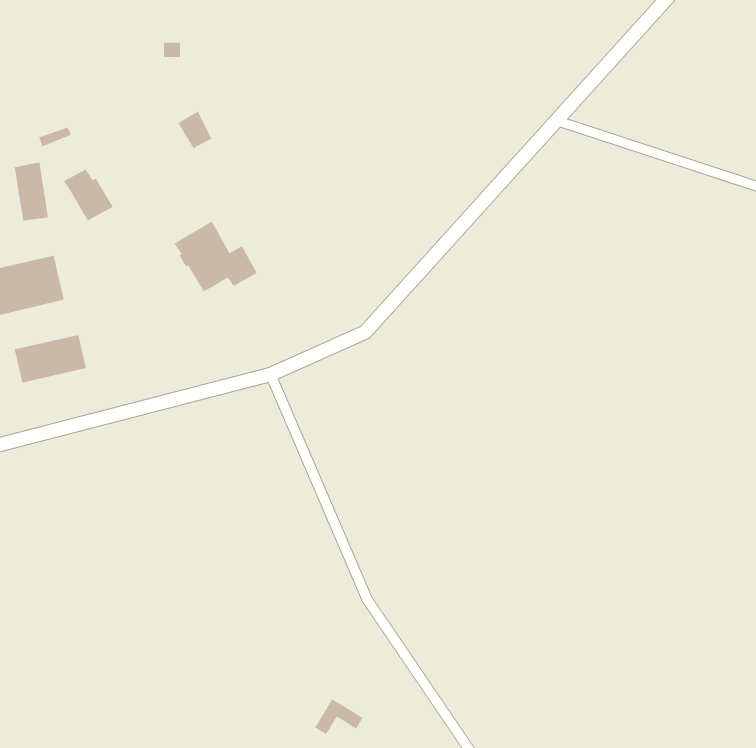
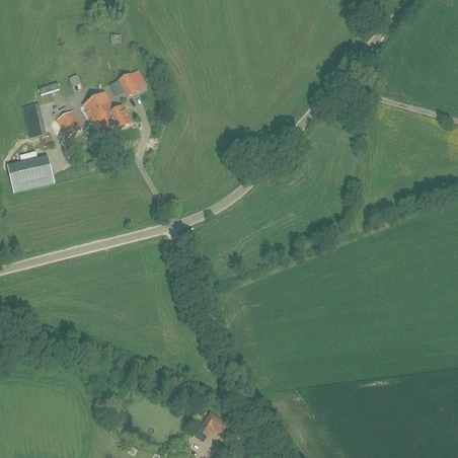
building: [173,220,258,293] -> [83,91,132,133]
building: [14,334,87,384] -> none

